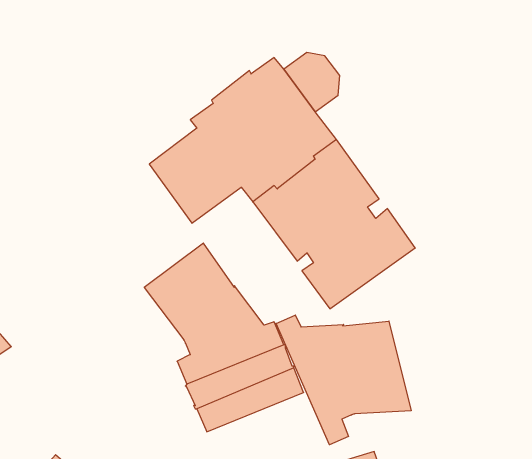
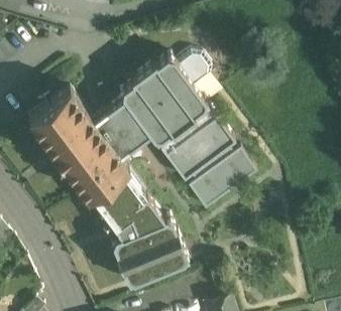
building: none -> [27,87,128,196]
building: [276,315,411,445] -> none

